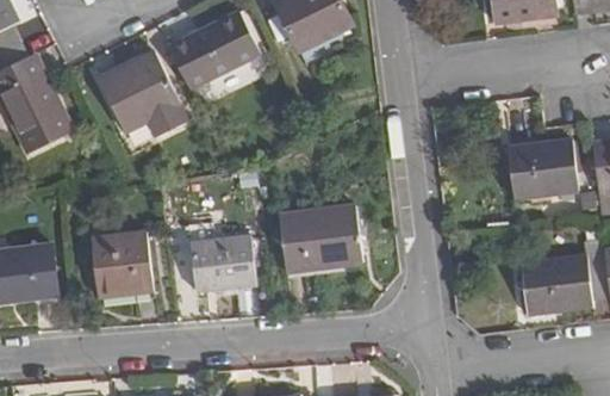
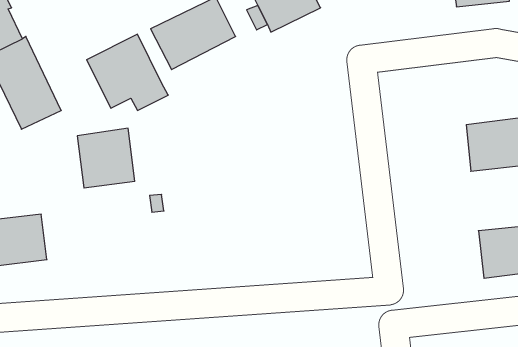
building: [280,205,363,273] -> none
building: [91,233,152,297] -> [77,128,135,188]
building: [193,237,255,290] -> none

